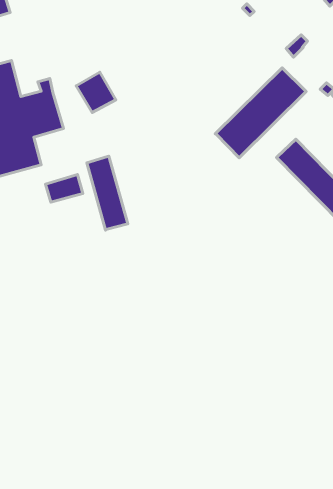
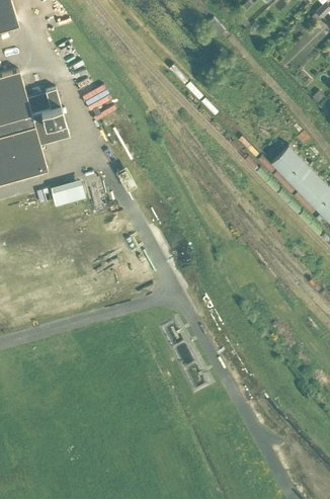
building: [215,68,306,158] -> none
building: [87,156,128,230] -> none

